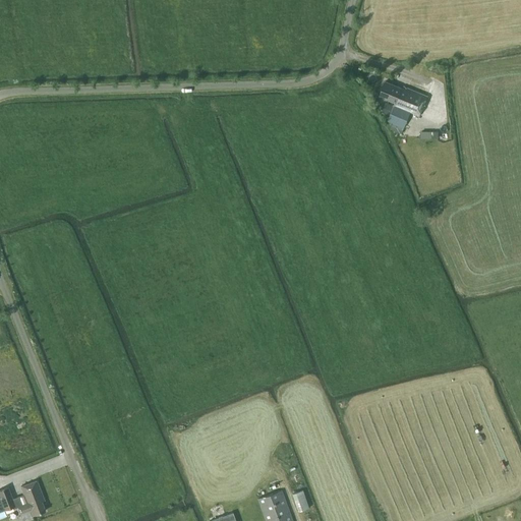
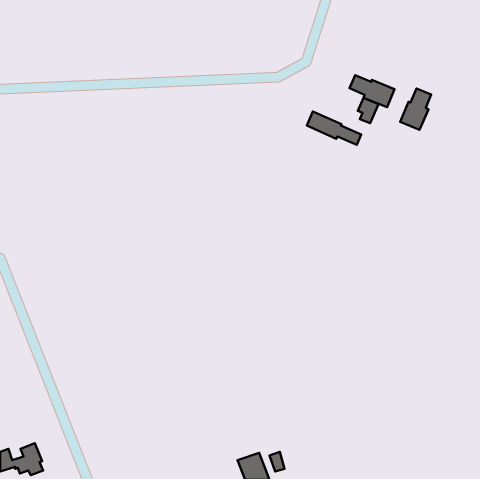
building: none -> [400,89,431,130]
building: none -> [307,111,361,145]

